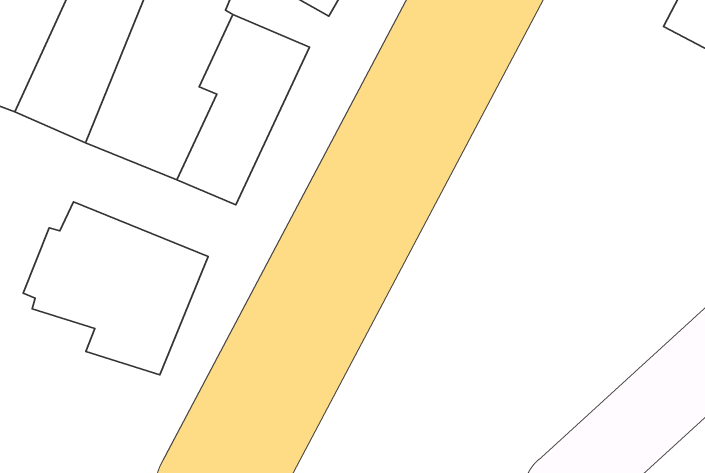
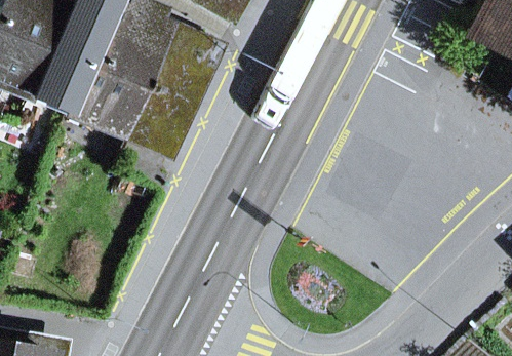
building: [23,202,208,375] -> none

